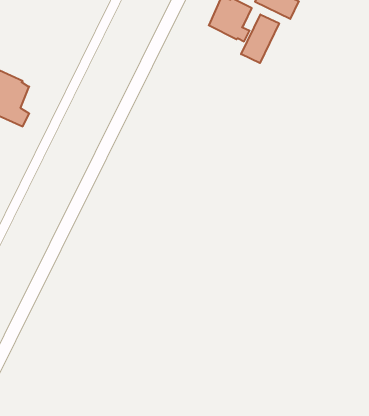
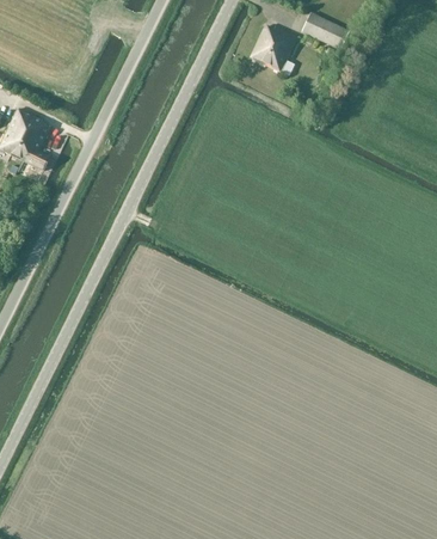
building: [241,14,279,63] -> none

